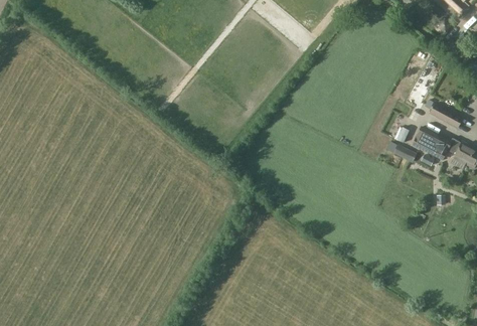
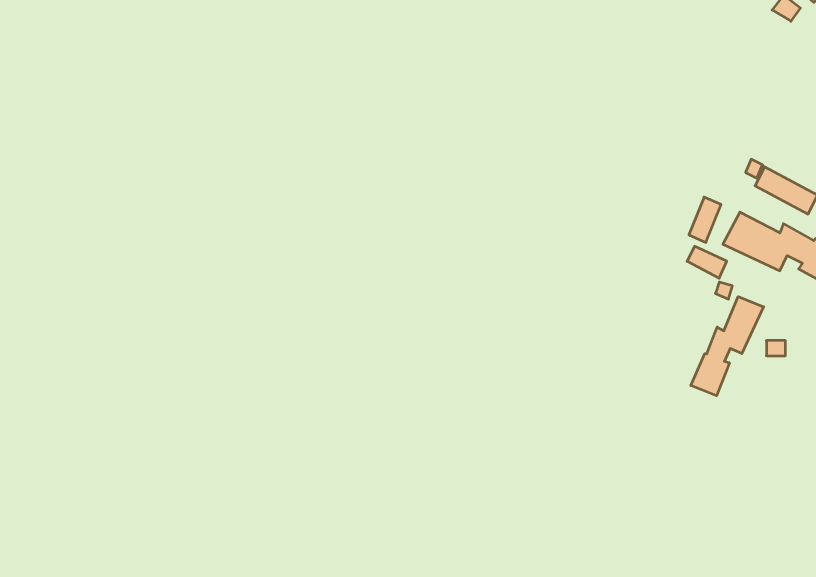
building: none -> [691,297,764,396]

